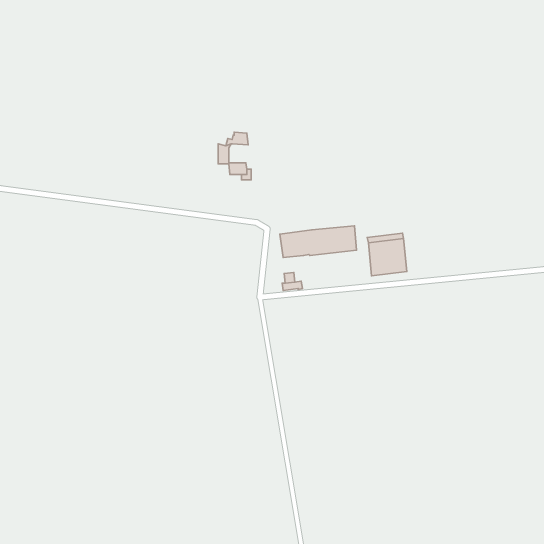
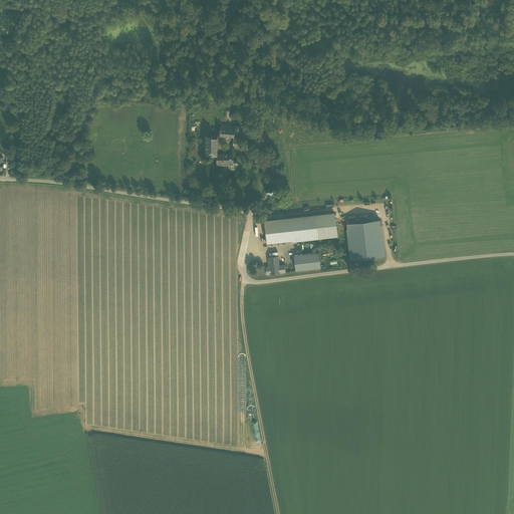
building: none -> [293,253,320,270]

